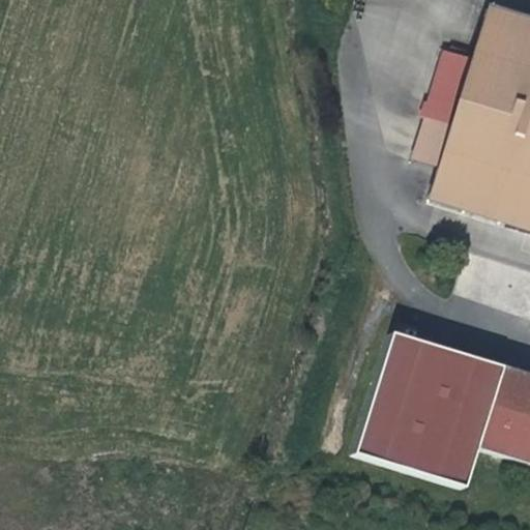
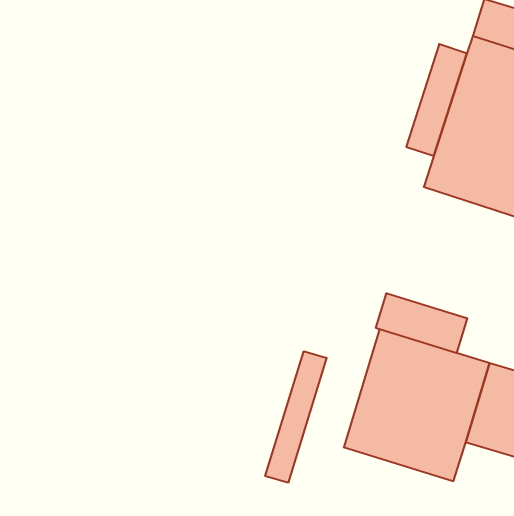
building: none -> [376,293,467,353]
building: none -> [265,351,327,483]

